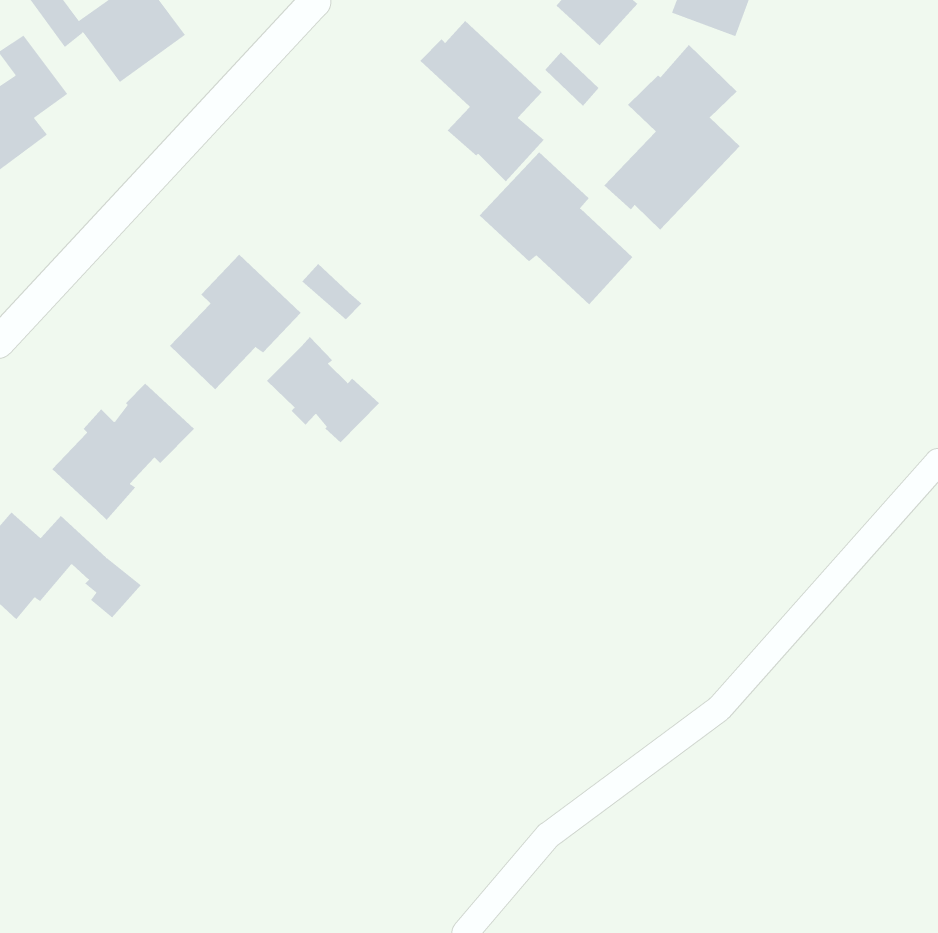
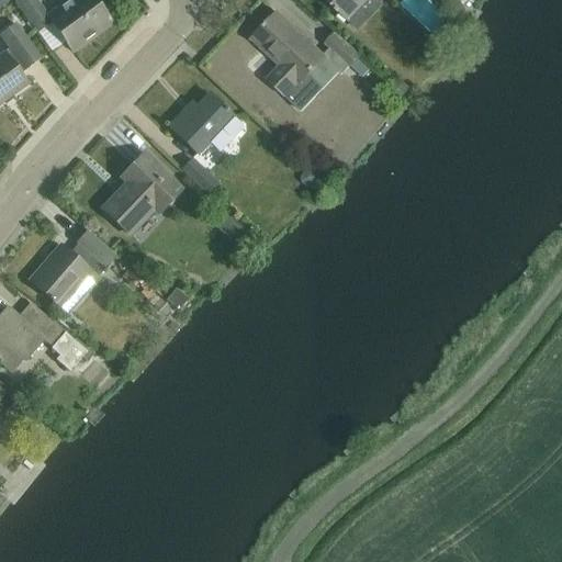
building: [603,44,741,230] -> none
building: [479,152,633,305] -> none
building: none -> [168,91,239,151]
building: [266,336,380,443] -> none

